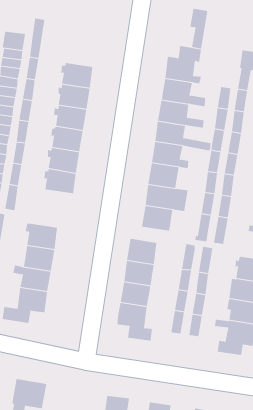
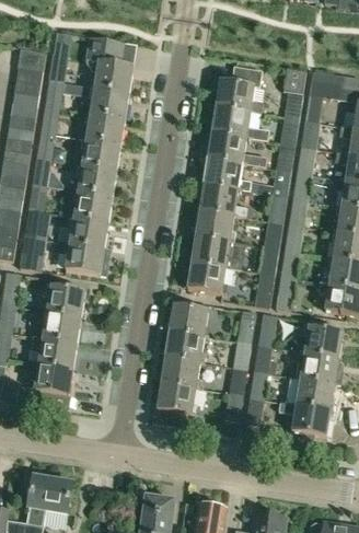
building: [189,8,208,49] -> [283,67,306,117]
building: none -> [86,35,134,91]
building: none -> [63,241,108,275]

